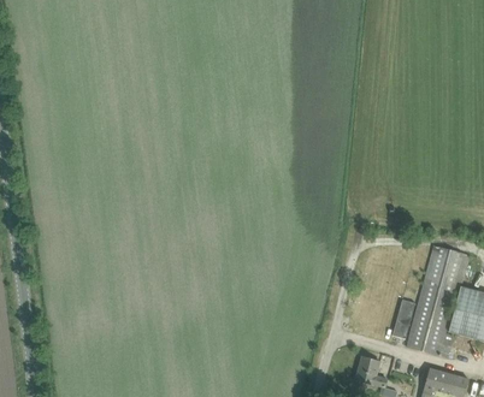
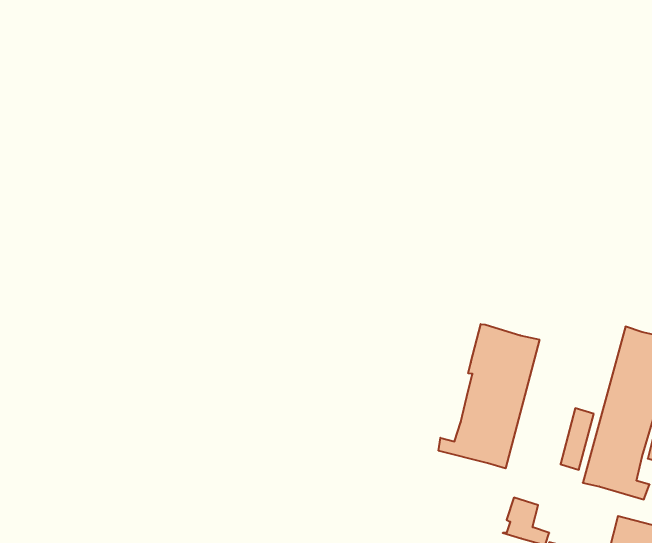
building: none -> [439,324,539,468]

